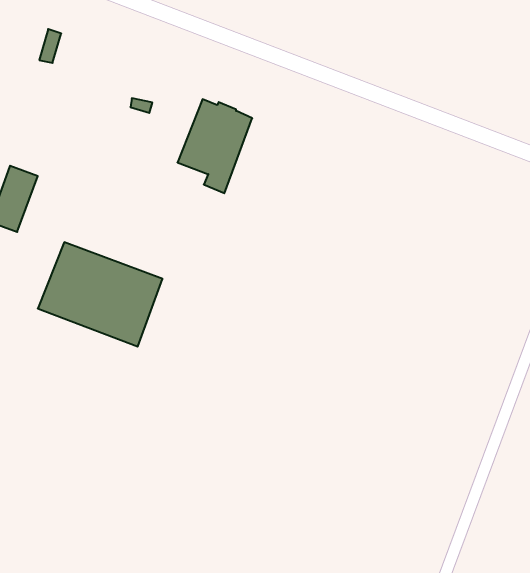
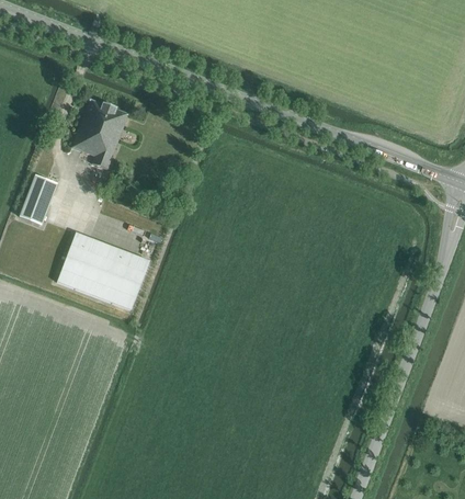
building: [177,99,252,193] -> [72,100,128,170]

